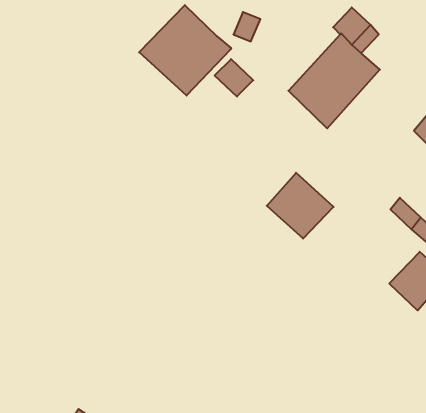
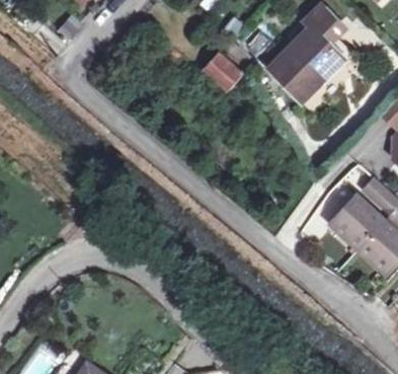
building: [139,5,231,96] -> none
building: [267,173,334,239] -> [324,193,382,249]

